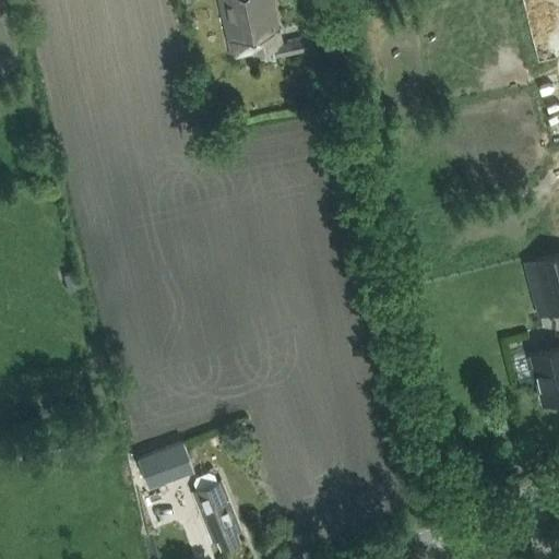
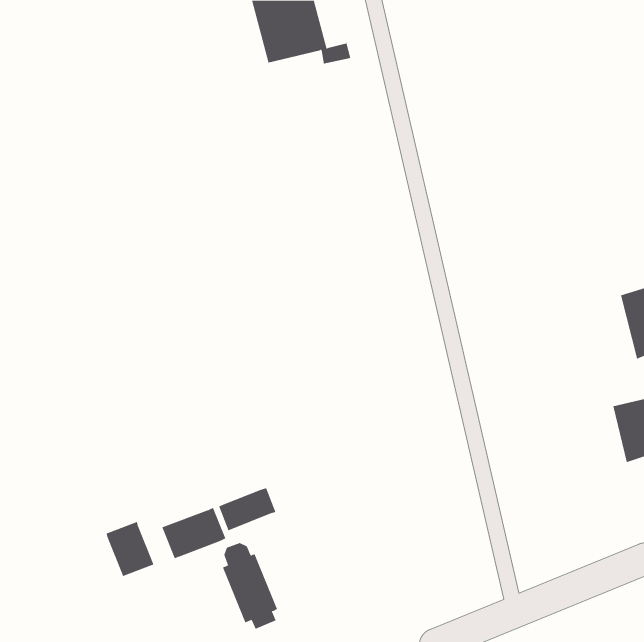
building: none -> [219,487,276,531]
building: none -> [106,521,154,577]

